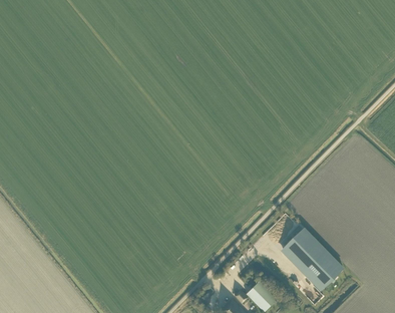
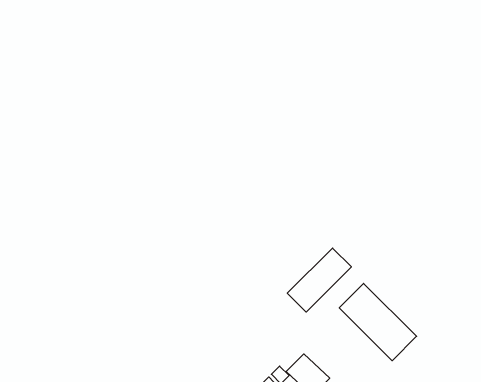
building: none -> [287,248,351,312]

